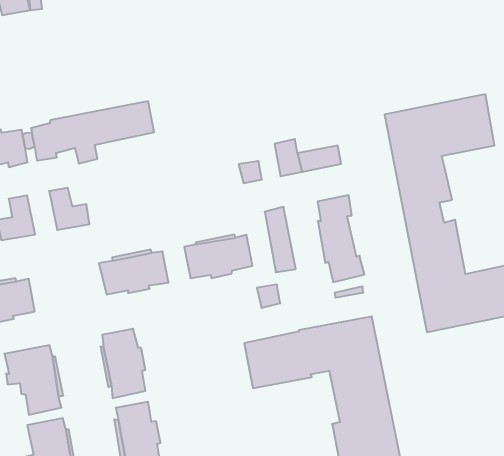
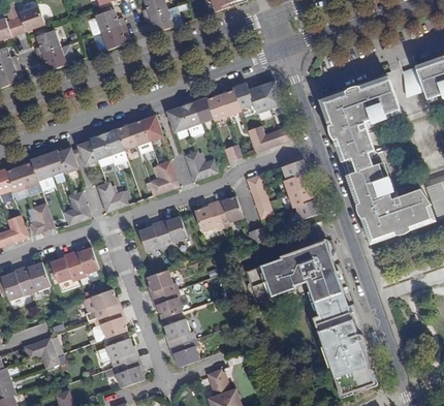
building: none -> [167,80,283,132]
building: none -> [184,150,218,181]
building: none -> [150,159,179,194]

